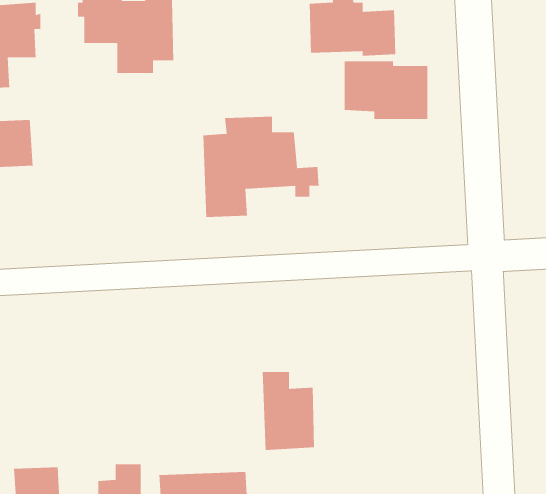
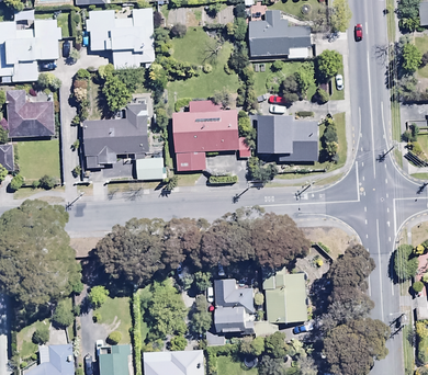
building: [344,61,428,120] -> [259,118,318,160]
building: none -> [79,104,164,180]
building: none -> [255,260,309,342]

